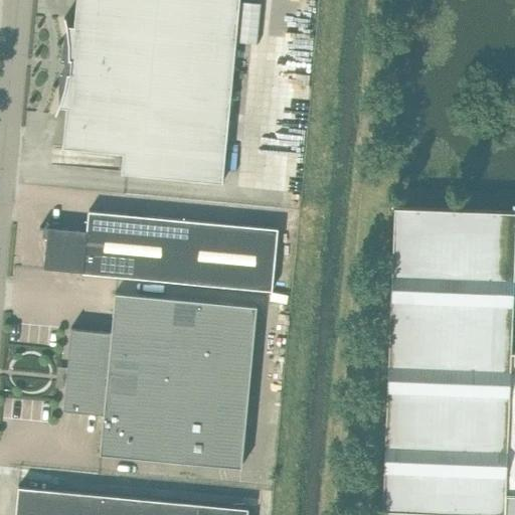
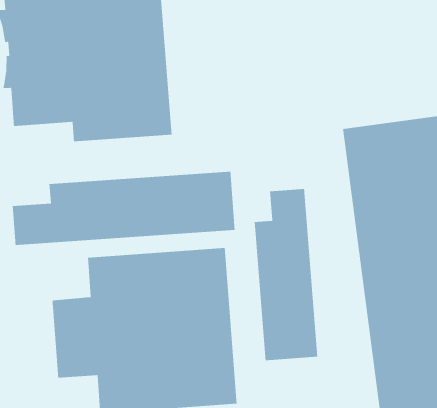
building: none -> [254,188,318,361]

